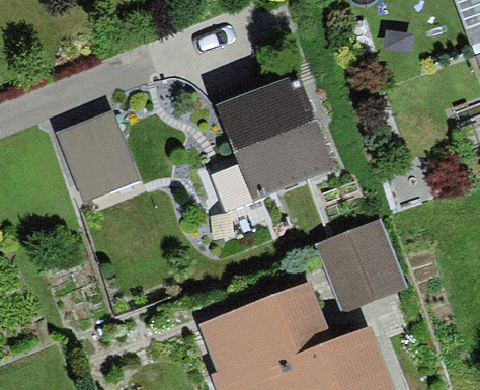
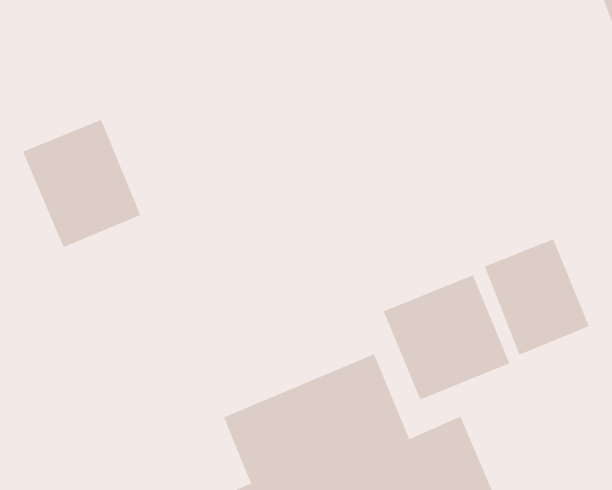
building: [215,74,335,202] -> none
building: none -> [484,238,590,355]

